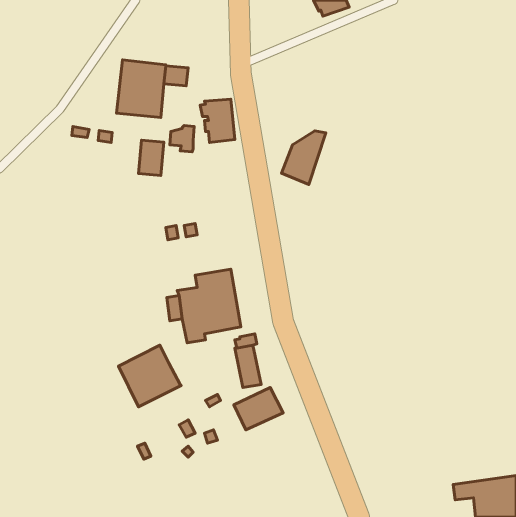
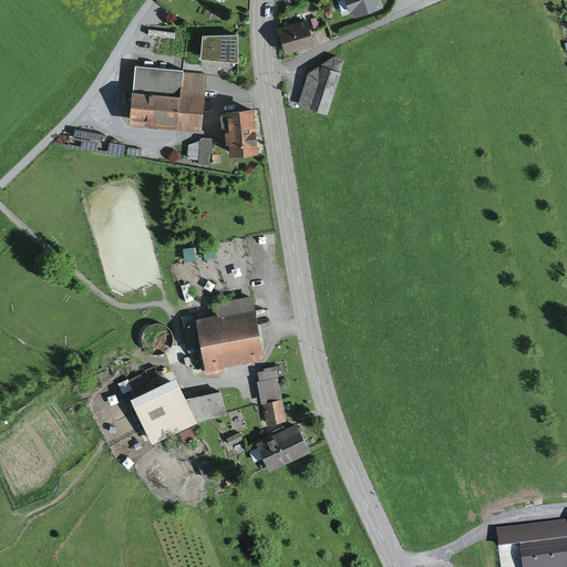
building: none -> [277,20,313,53]
building: none -> [199,35,238,63]
building: [281,131,326,184] -> [296,58,344,116]
building: [139,140,164,176] -> [176,92,204,131]
building: none -> [185,391,226,421]

